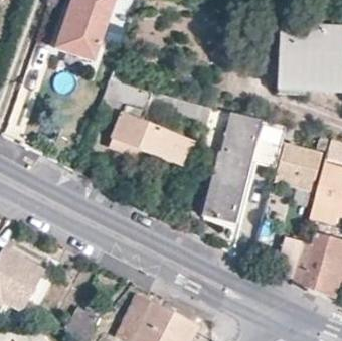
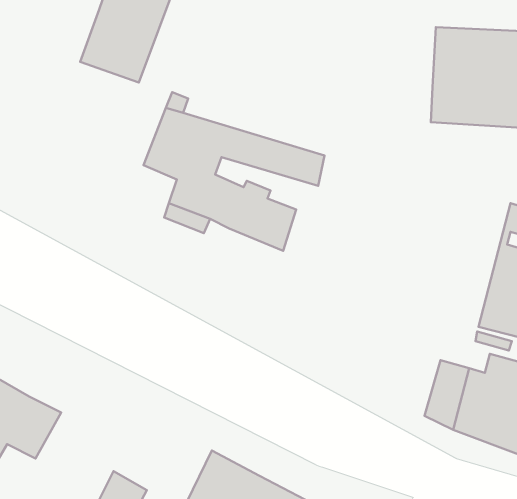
building: [199,108,286,226] -> none
building: [277,146,321,190] -> none

